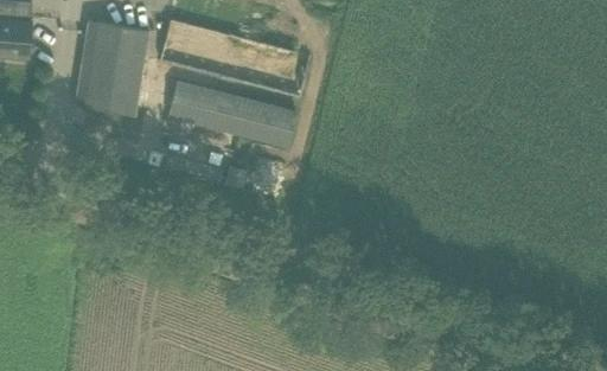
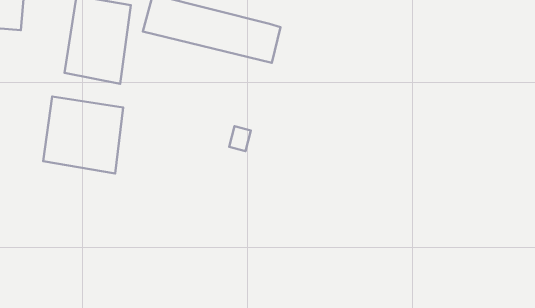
building: [167,82,295,147] -> none
building: none -> [43,96,123,174]

